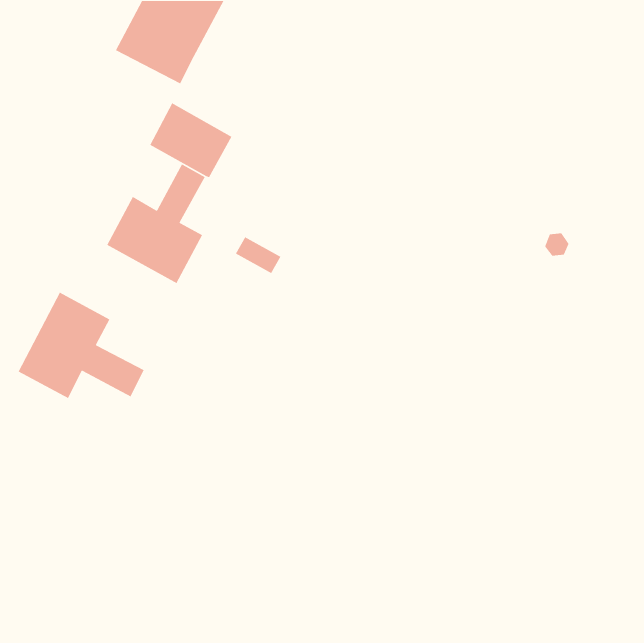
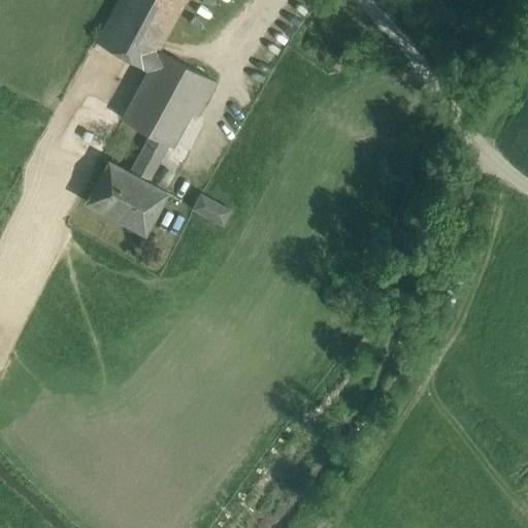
building: none -> [140,53,214,117]
building: [17,292,145,399] -> none

